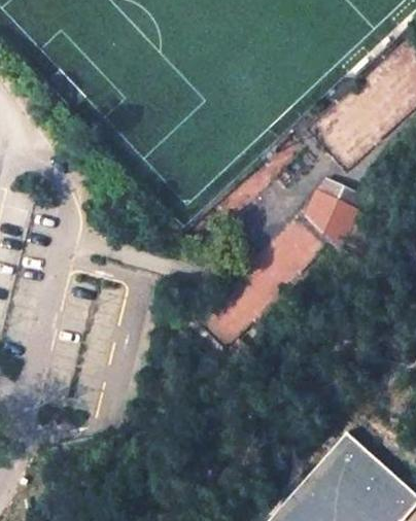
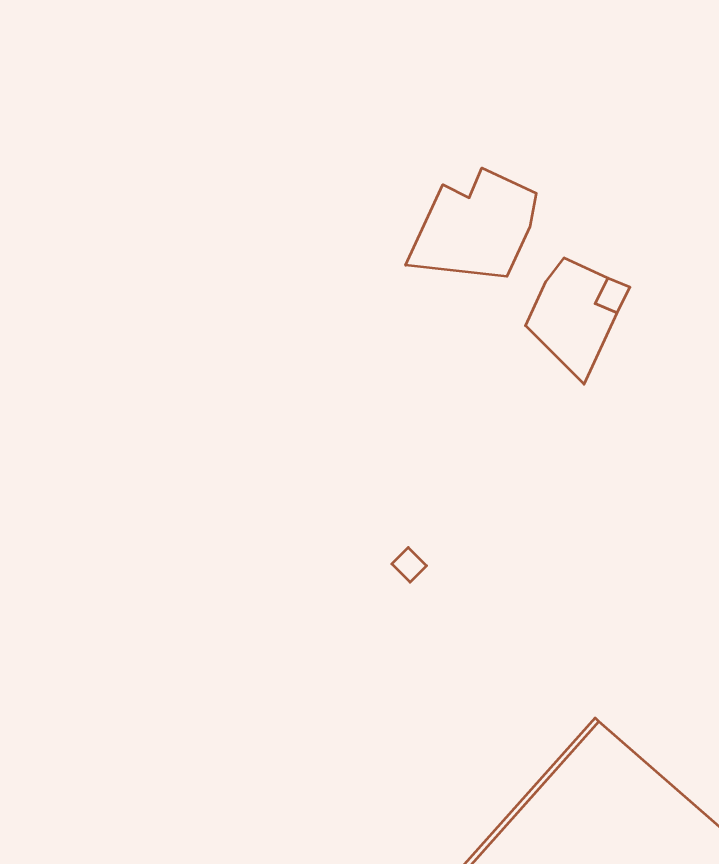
building: none -> [406,168,536,276]

